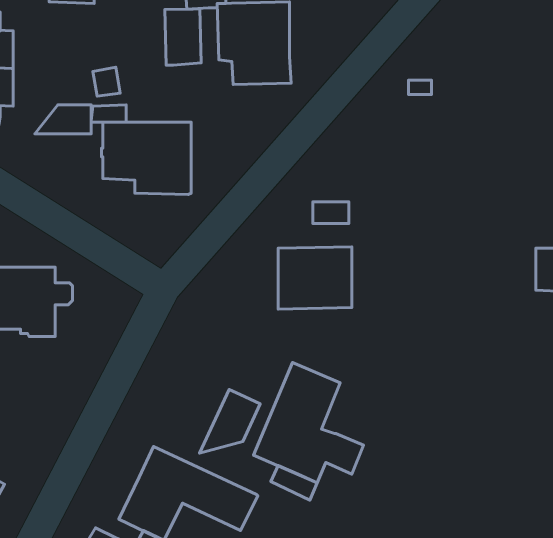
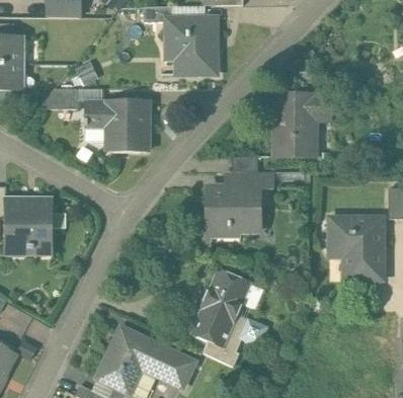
building: [165,9,201,65] -> none
building: none -> [273,93,331,157]
building: none -> [224,171,271,189]
building: none -> [330,218,383,280]
building: [200,389,260,453] -> none

